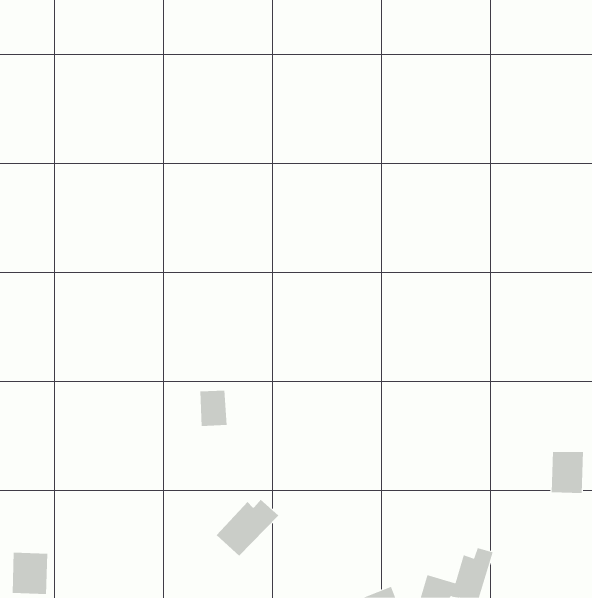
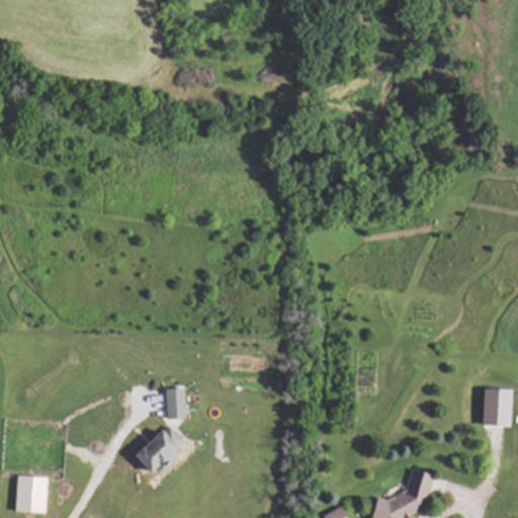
building: [200,390,228,426] -> [166,387,190,419]
building: [216,499,279,556] -> [130,426,184,476]

